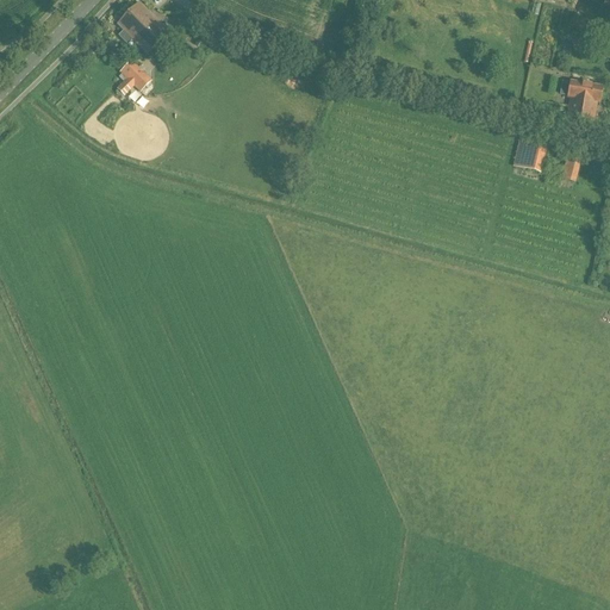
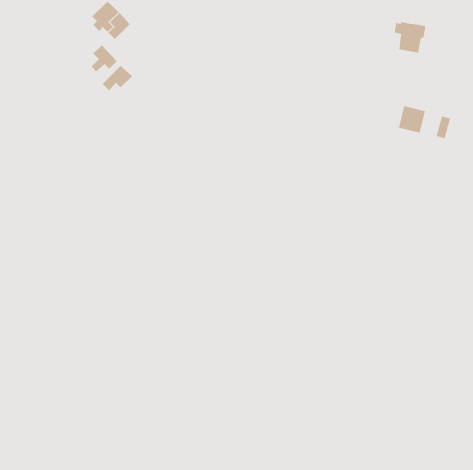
building: [561,79,603,119] -> [394,22,426,53]
building: none -> [102,65,133,91]

